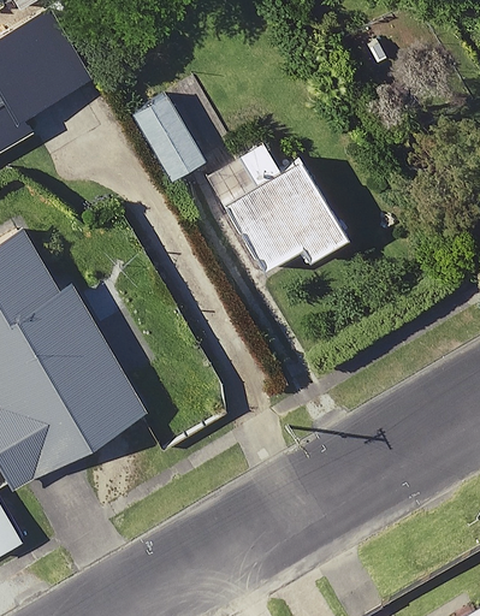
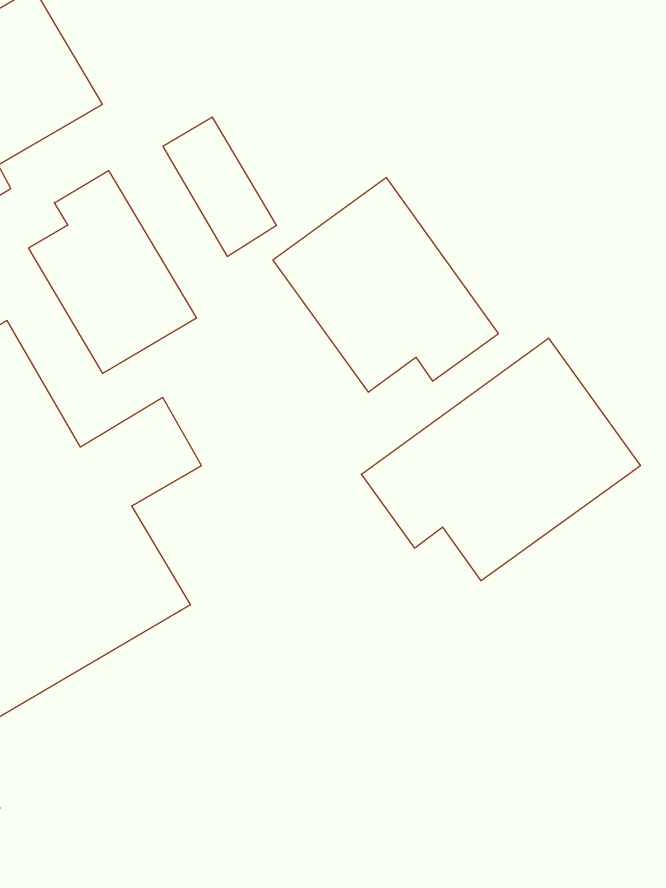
building: none -> [28,171,196,373]
building: none -> [361,338,640,581]

